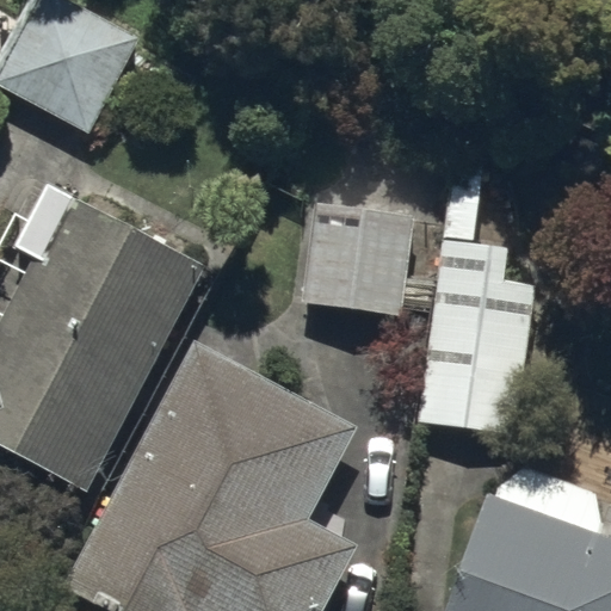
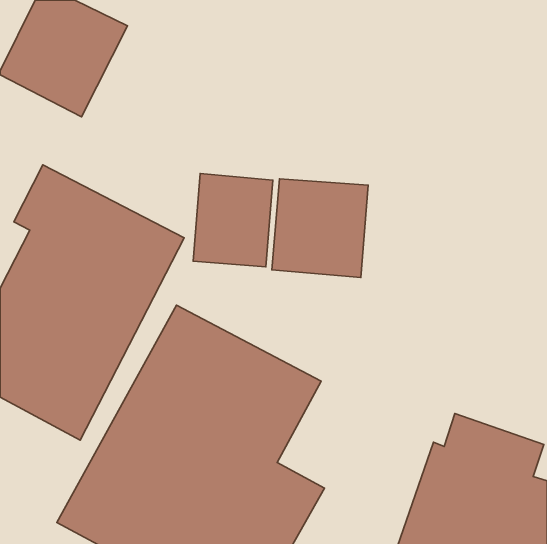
building: [418,187,537,437] -> none
building: none -> [193,173,273,267]

